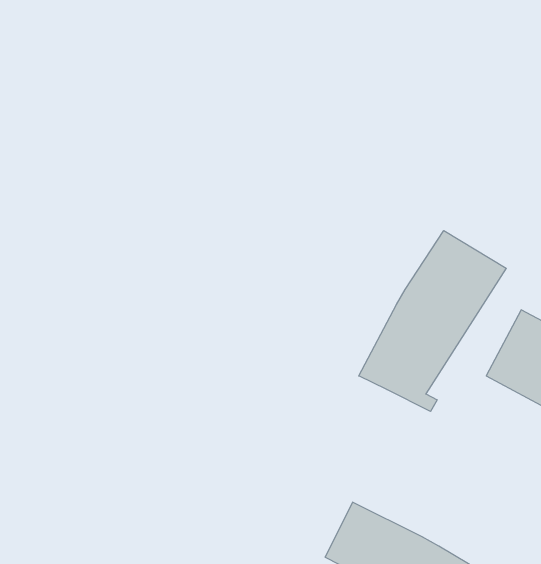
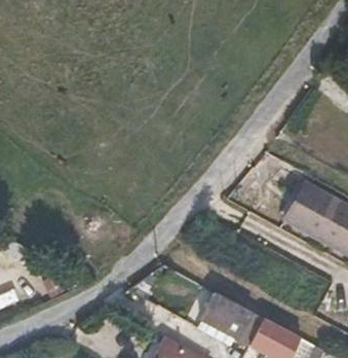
building: [359,231,506,411] -> none

